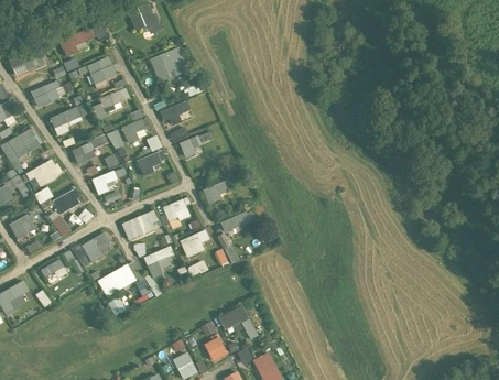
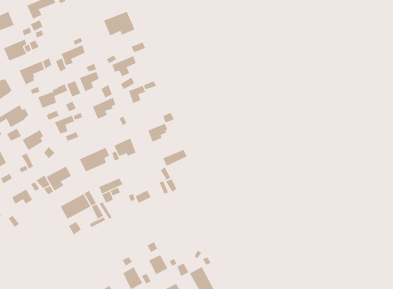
building: [87,56,116,84] -> none
building: [180,229,209,257] -> none
building: [218,305,258,339] -> none

